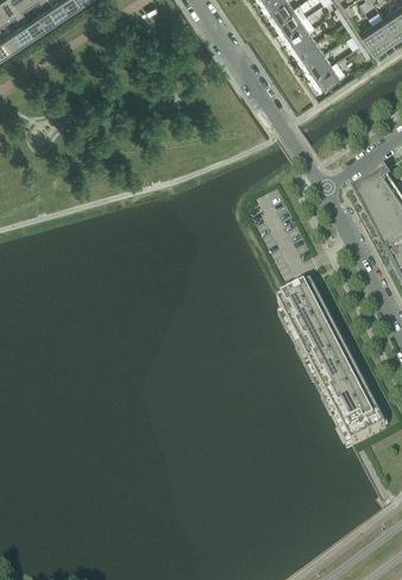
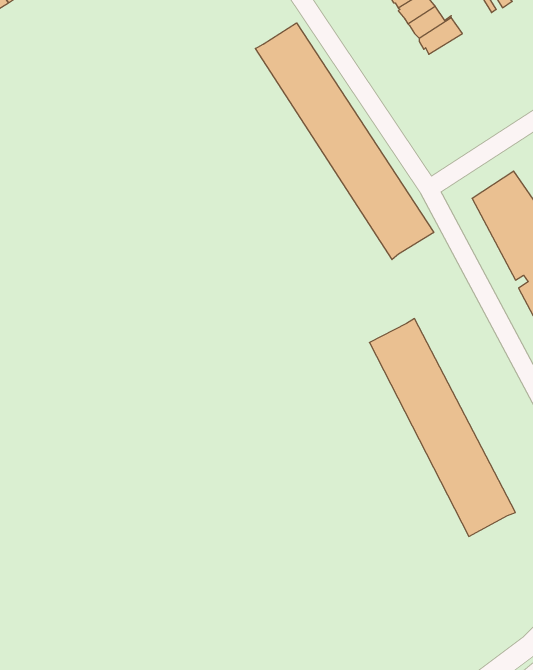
building: none -> [255,23,434,260]

